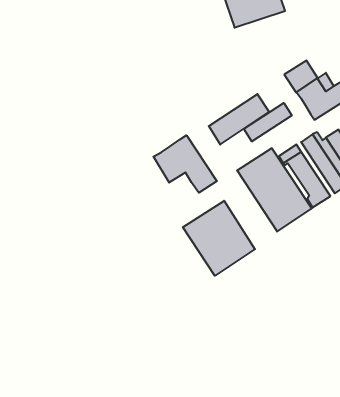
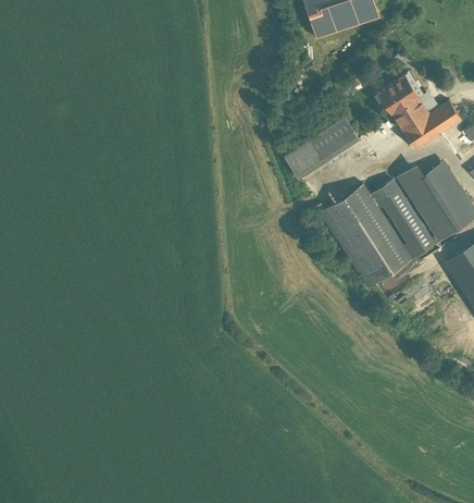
building: [244,103,292,142] -> none
building: [153,135,217,193] -> none
building: [183,201,255,276] -> none

